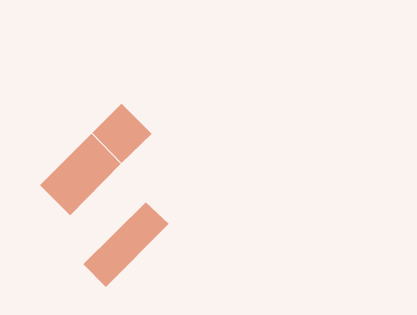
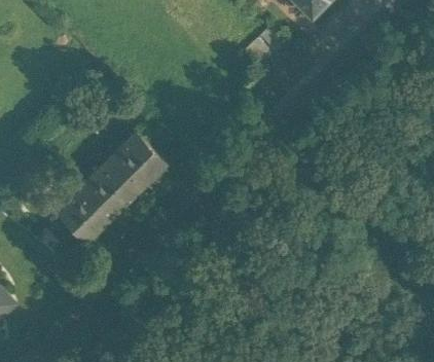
building: [82,202,170,288] -> none

